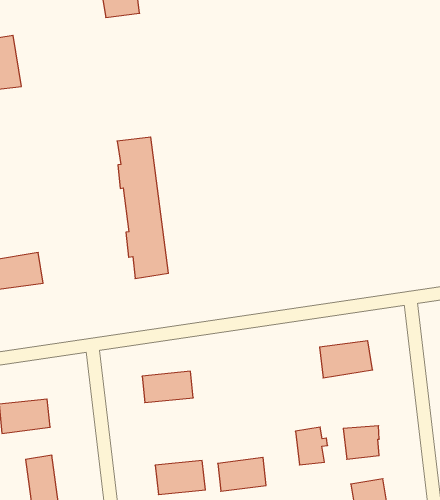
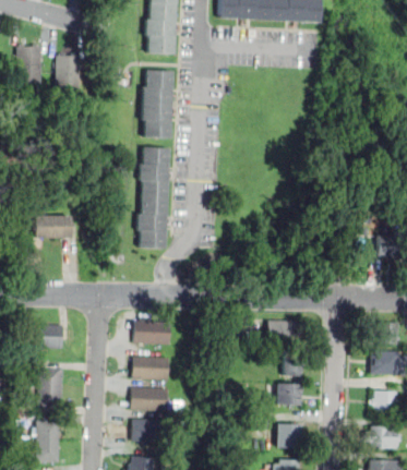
building: none -> [143,69,171,137]
building: [295,427,328,465] -> [280,349,303,375]
building: [218,457,266,491] -> [132,355,167,377]

